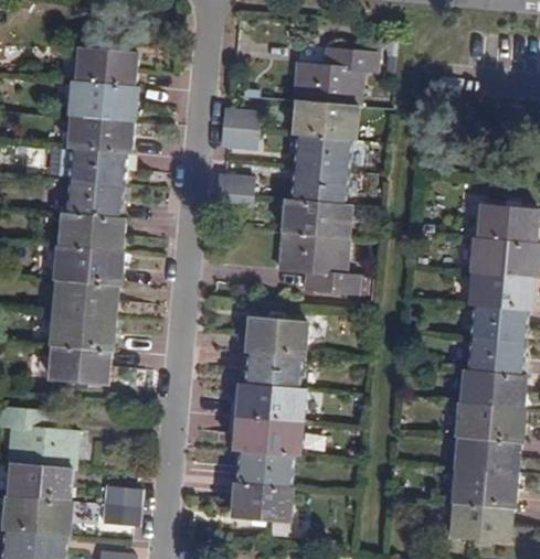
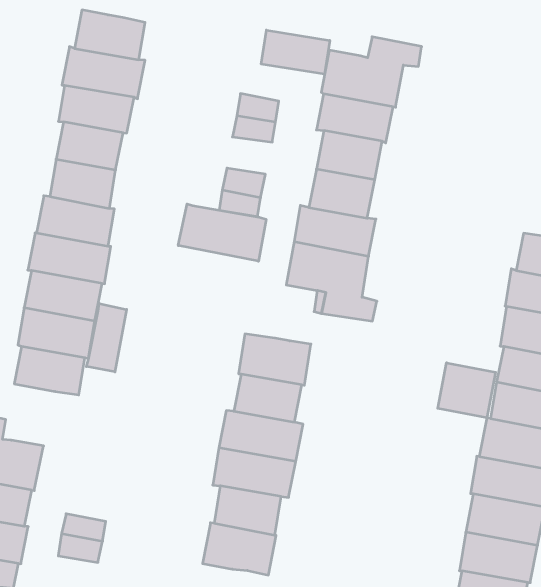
building: none -> [261,30,330,74]
building: none -> [178,204,266,261]
building: none -> [86,303,127,372]
building: none -> [438,363,496,418]

